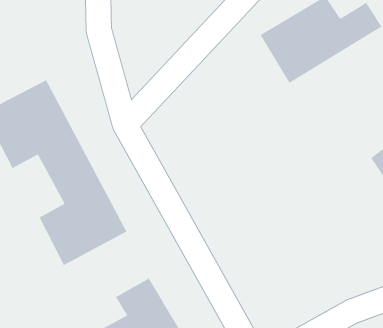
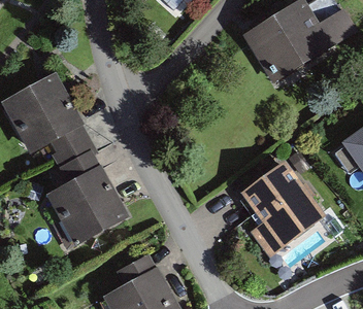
building: none -> [242,162,323,252]

